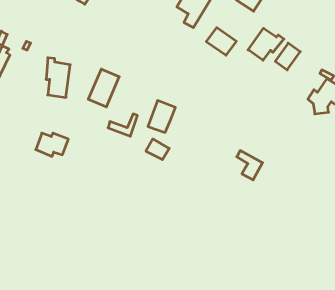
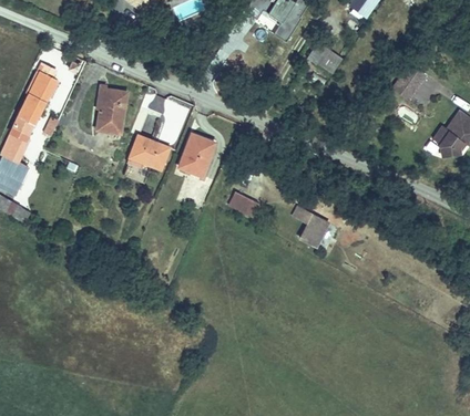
building: [248,28,284,60] -> none
building: [148,101,175,132] -> [180,132,215,173]
building: [36,133,68,156] -> [127,138,170,168]
building: [237,151,263,180] -> [294,207,327,245]

